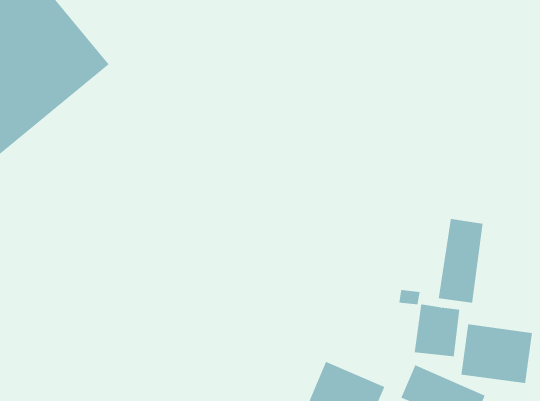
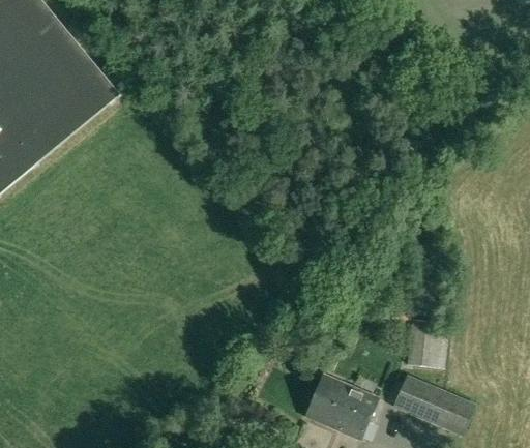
building: [438,218,483,304] -> none
building: [461,324,532,384] -> none

